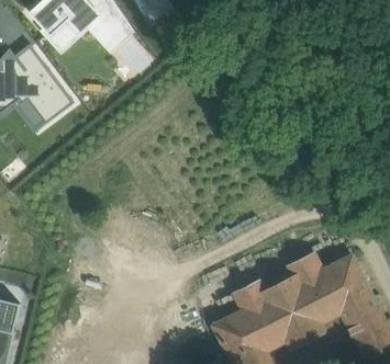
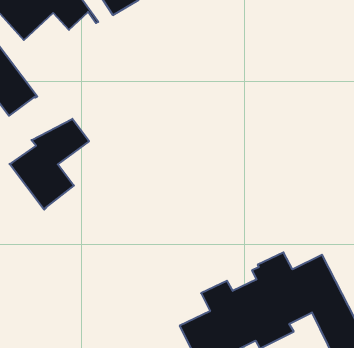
building: none -> [9,119,89,210]

